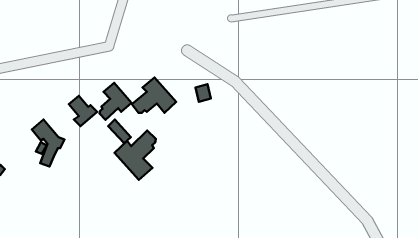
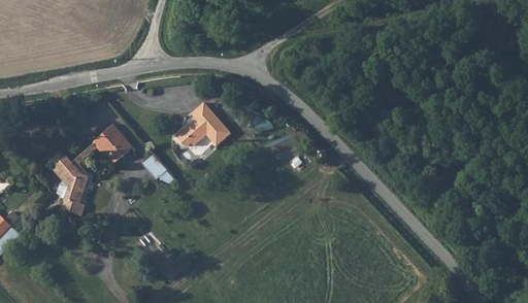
building: [99,83,131,120] -> none
building: [114,131,156,180] -> none

